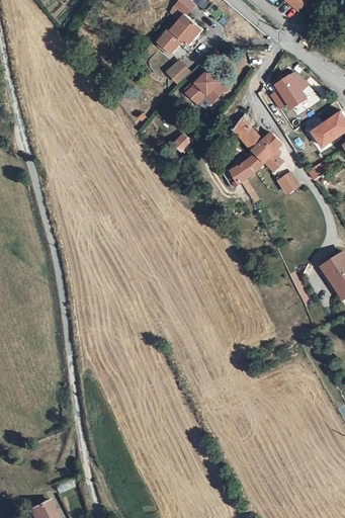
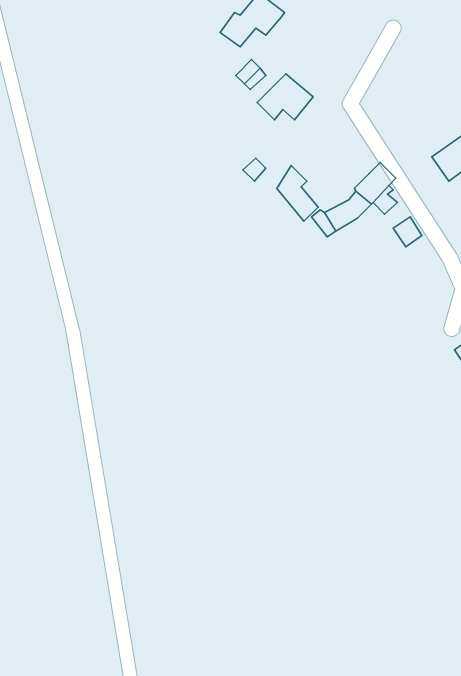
building: [271,72,307,109] -> none
building: [234,113,263,153] -> [277,166,318,221]

